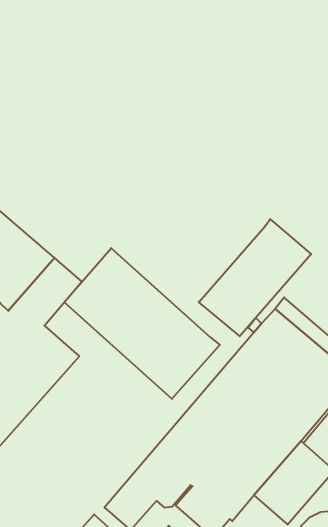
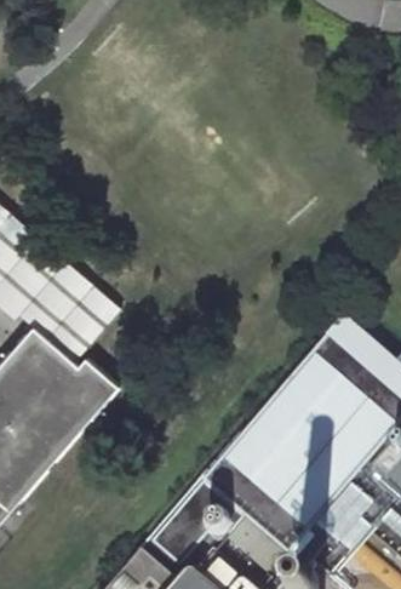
building: [199,219,311,336] -> none
building: [64,248,220,399] -> none

